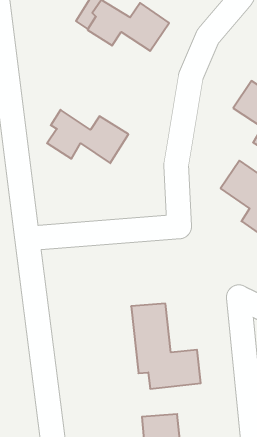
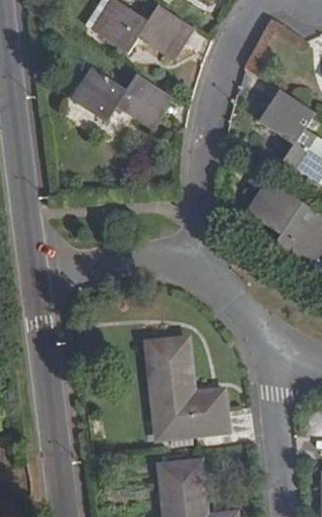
building: [47,110,128,163] -> [78,68,169,127]

